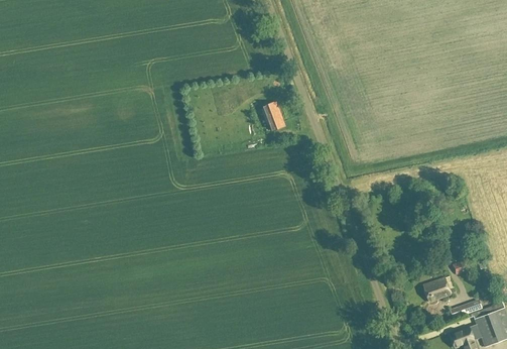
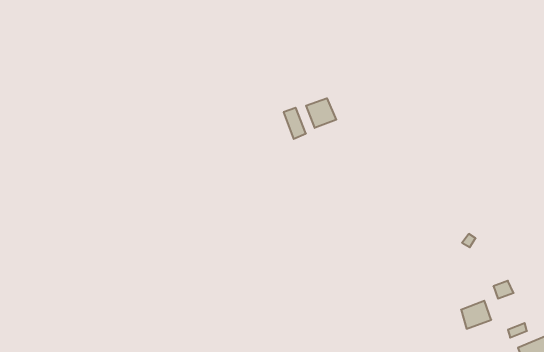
building: none -> [306,98,336,128]

